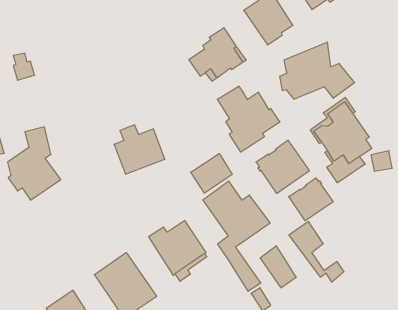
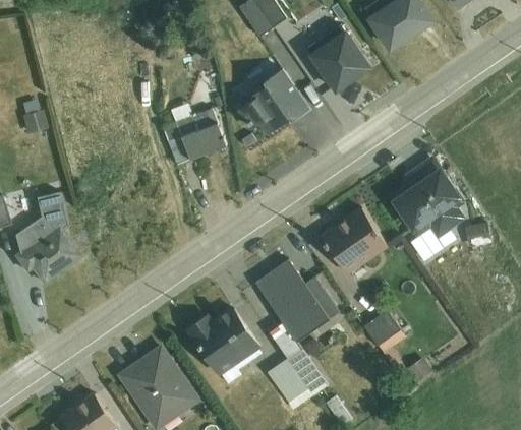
building: [280,42,355,99] -> none
building: [217,86,280,152] -> none
building: [114,125,165,174] -> [163,103,226,164]
building: [191,154,232,193] -> none
building: [289,178,333,221] -> none
building: [260,246,296,288] -> [267,357,311,409]

